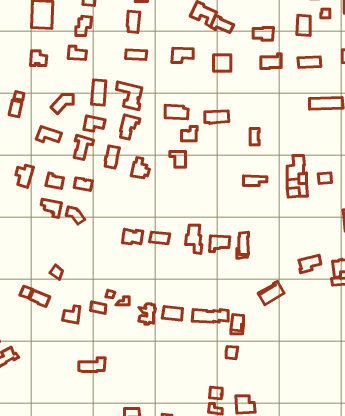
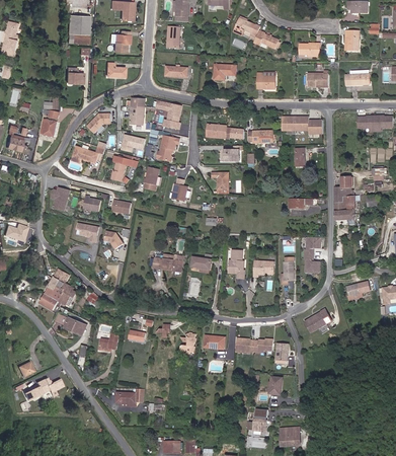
building: none -> [282,117,321,133]
building: none -> [304,237,321,272]
building: none -> [38,269,78,309]

